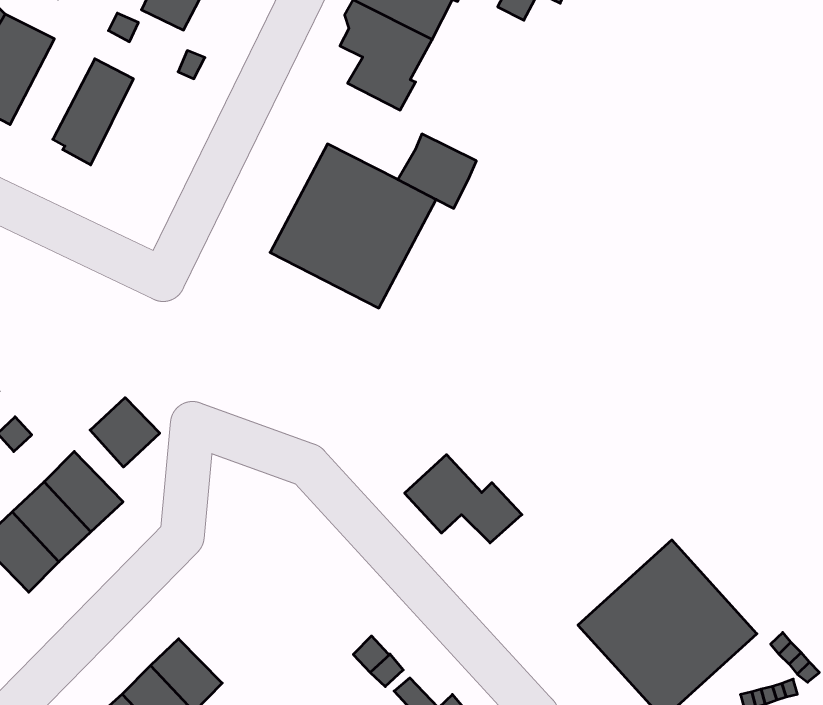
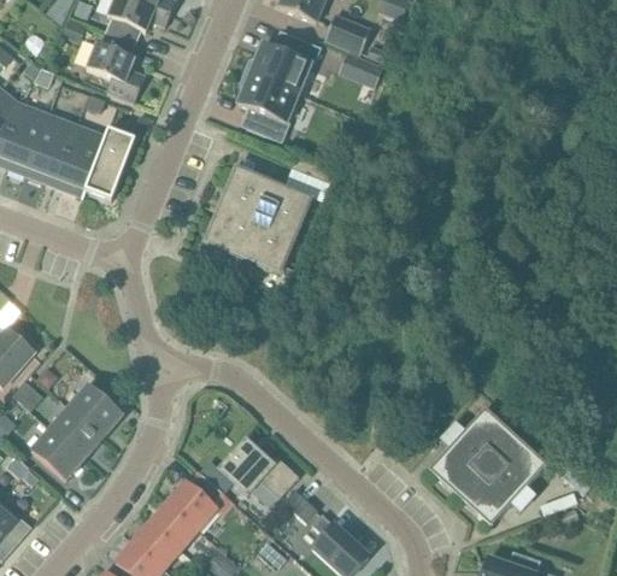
building: none -> [25,116,77,182]
building: none -> [80,129,134,201]
building: [90,398,160,467] -> none
building: [405,455,522,543] -> [219,442,298,498]
building: none -> [166,471,224,529]

